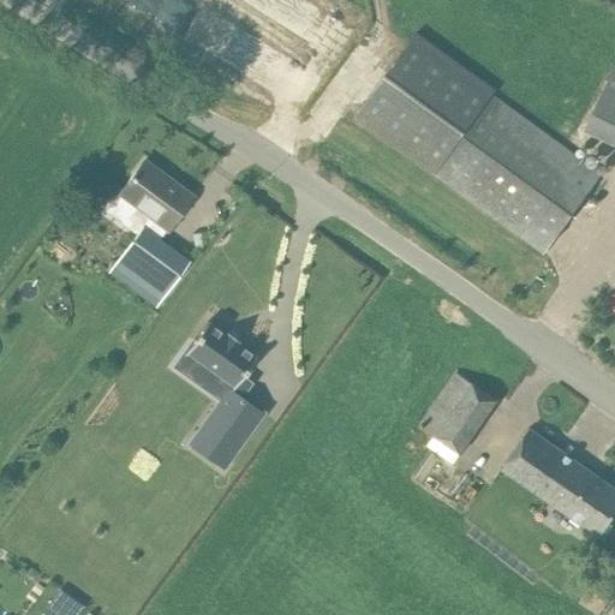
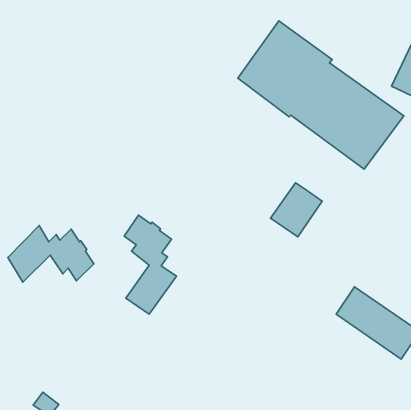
building: [115,161,193,300] -> none
building: none -> [8,226,94,282]
building: [420,375,497,455] -> [271,183,322,237]

